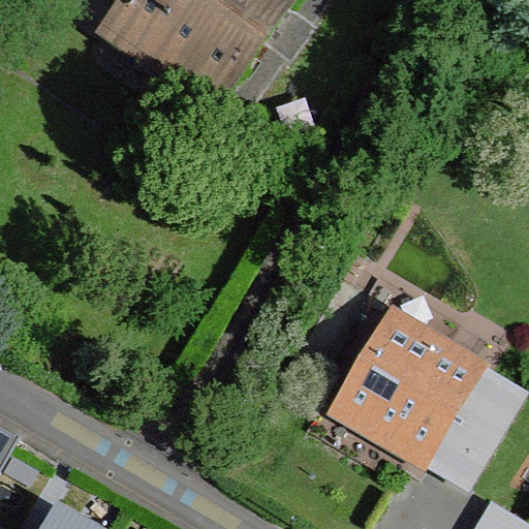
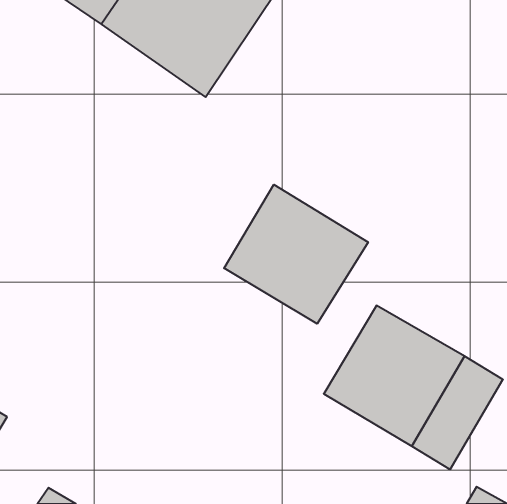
building: none -> [224,185,368,324]

